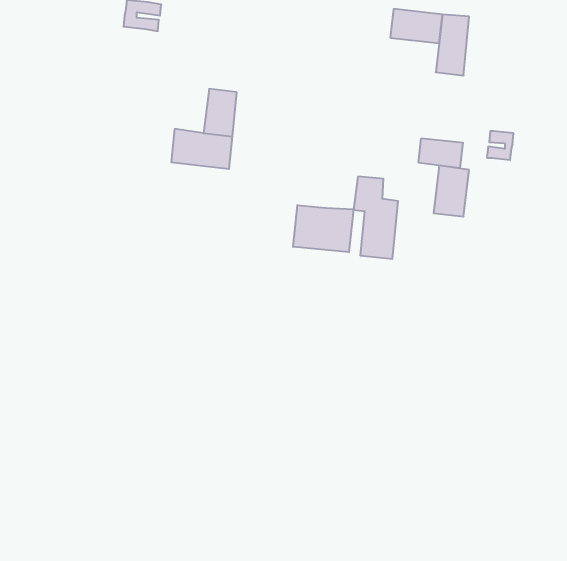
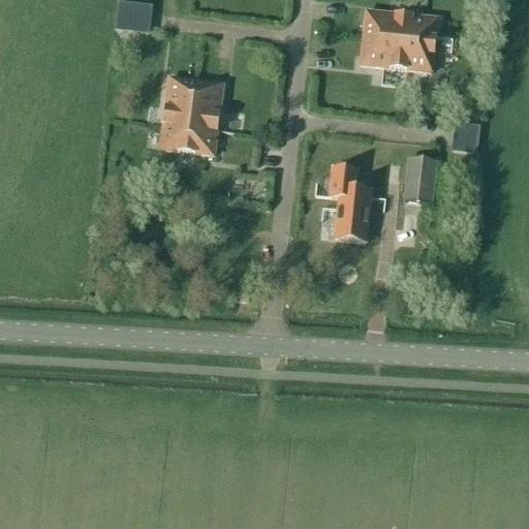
building: none -> [361,35,409,67]
building: none -> [163,80,195,124]
building: [419,138,463,168] -> none
building: [293,205,354,252] -> none

